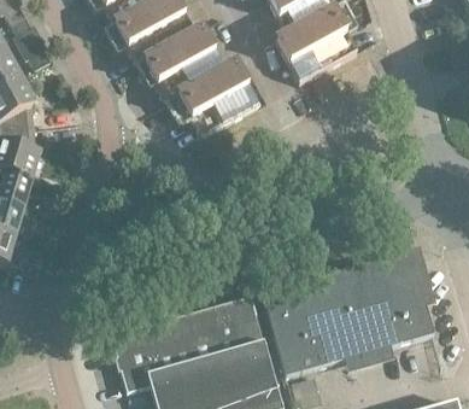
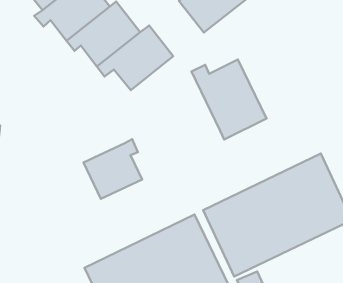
building: none -> [191,60,266,140]
building: none -> [83,139,142,199]

